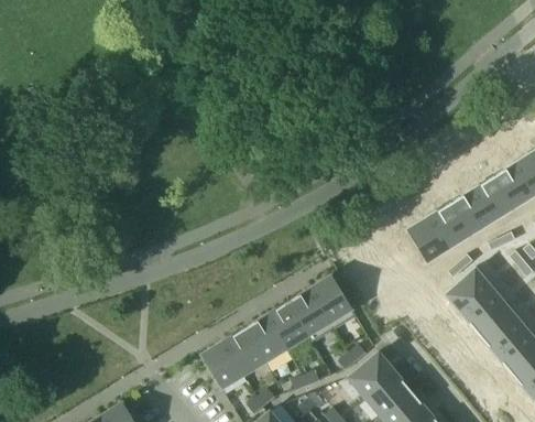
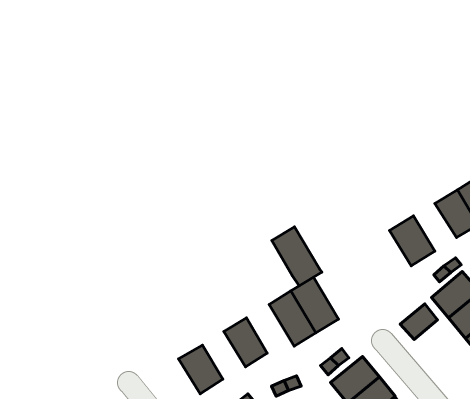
building: [428,203,470,249] -> none
building: none -> [400,304,437,340]
building: [266,301,315,358] -> [272,227,322,286]
building: [223,327,265,374] -> none

